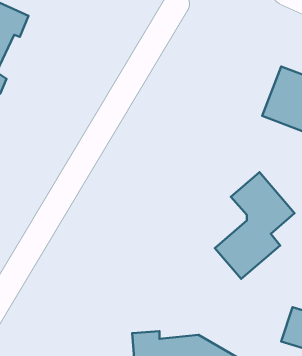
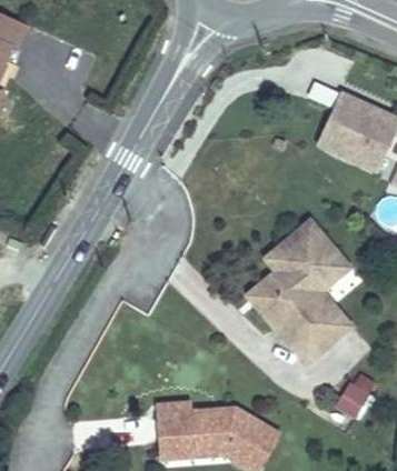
building: none -> [246,244,294,304]
building: none -> [287,301,351,360]

